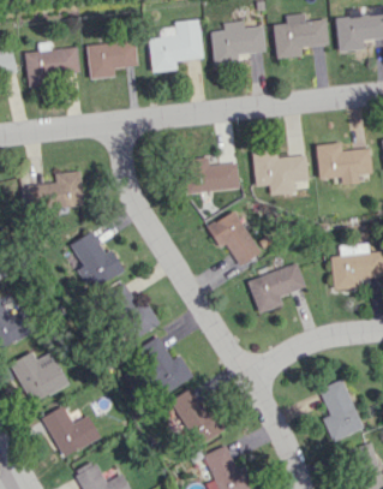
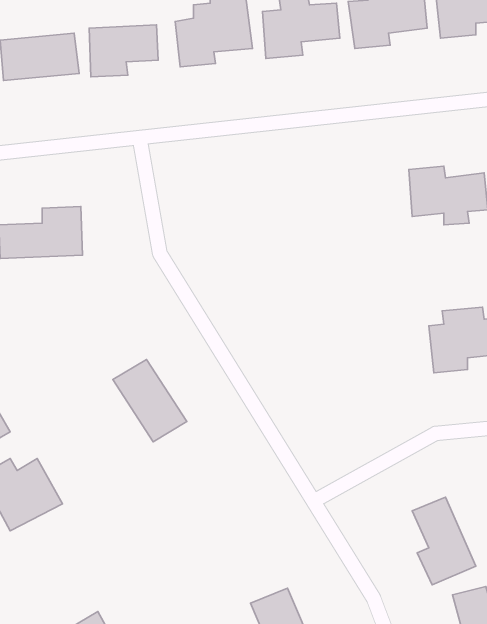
building: [252,150,309,195] -> none
building: [185,159,239,192] -> none
building: [207,210,261,267] -> none
building: [68,232,122,291] -> none
building: [247,264,305,314] -> none
building: [136,336,193,395] -> none
building: [170,387,220,447] -> none
building: [41,406,100,458] -> none

